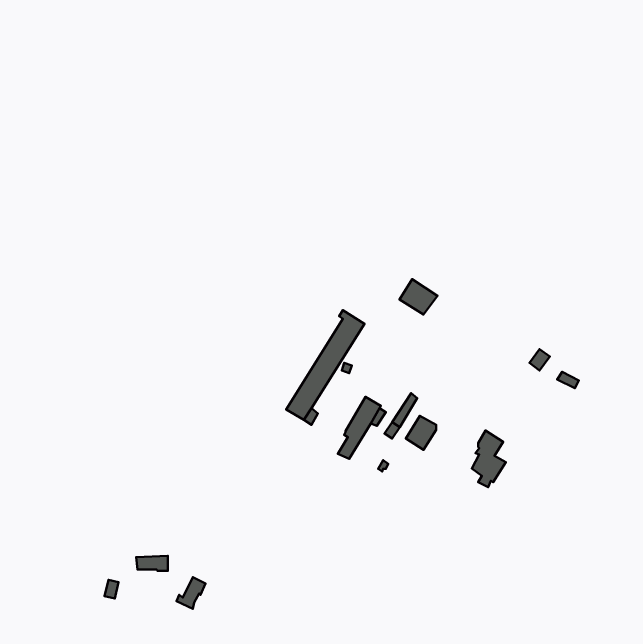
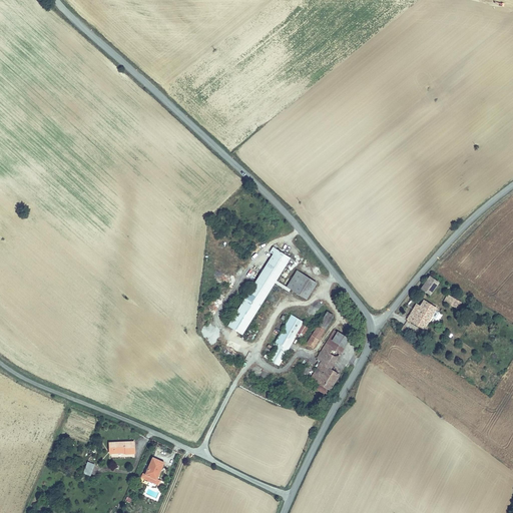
building: [400,279,437,315] -> [286,271,316,299]
building: none -> [407,301,436,330]
building: [472,431,506,487] -> [312,349,339,394]

